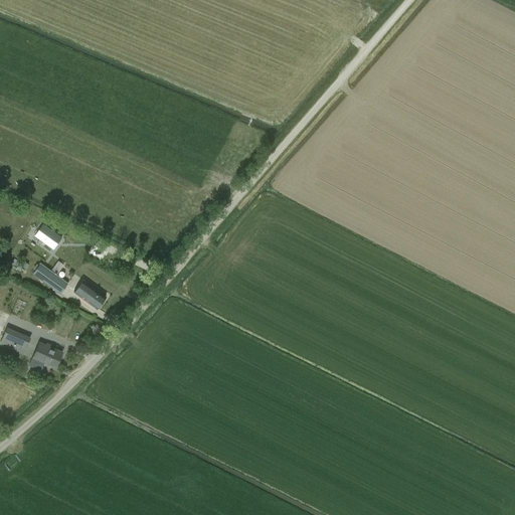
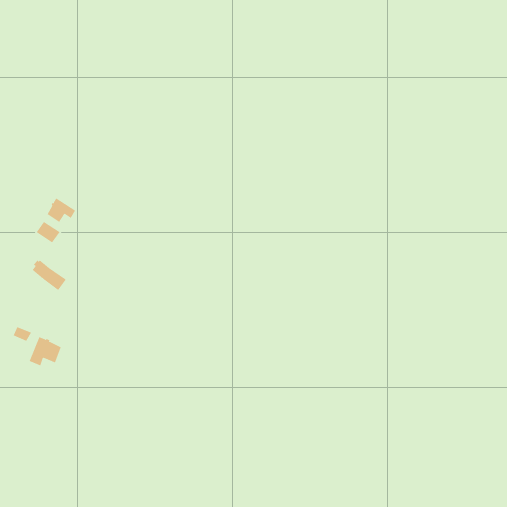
building: none -> [47,198,76,223]
building: [73,280,106,309] -> none

